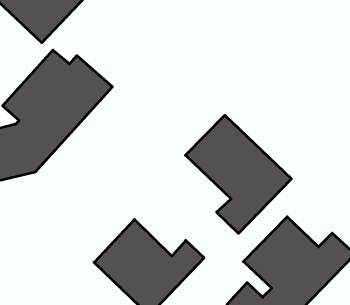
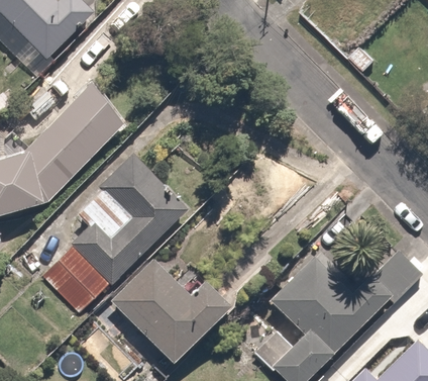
building: [185,115,291,233] -> none
building: none -> [44,151,186,316]

